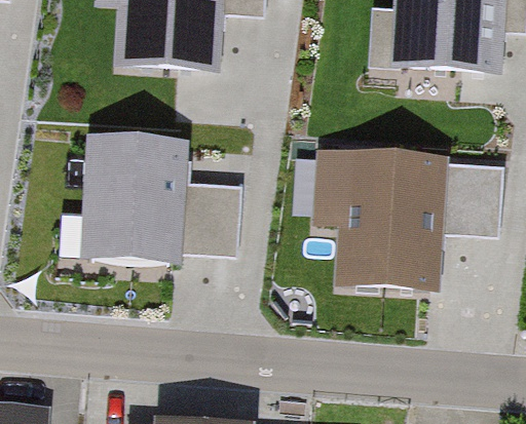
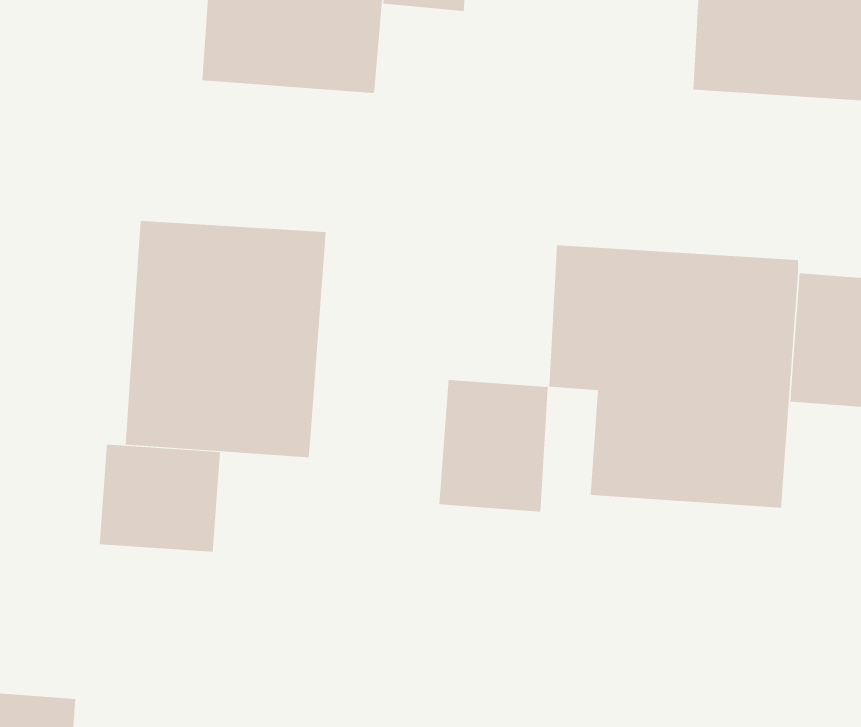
building: [181,185,241,258] -> [438,379,549,512]
building: none -> [99,444,220,553]

